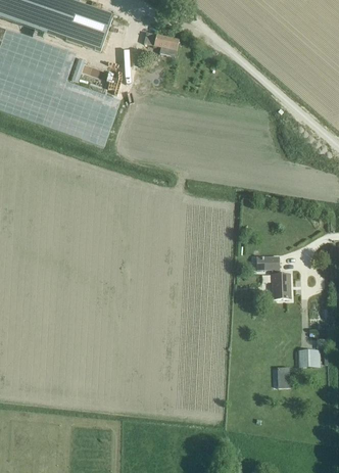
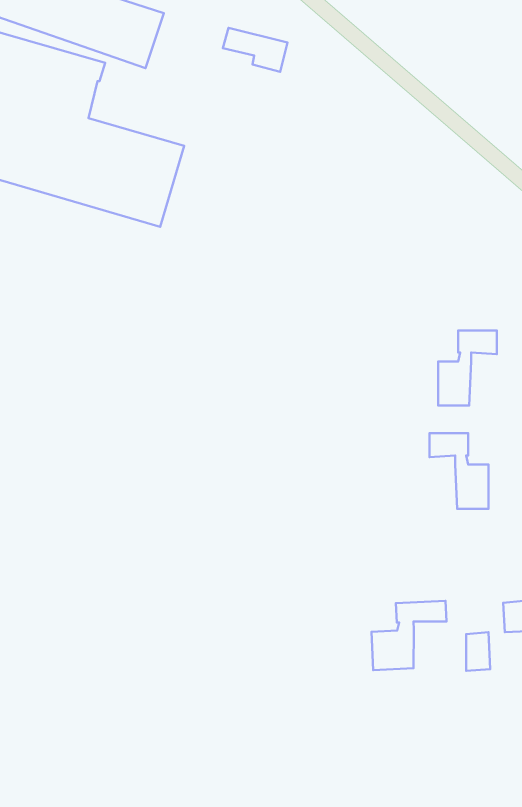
building: none -> [438,330,497,405]
building: none -> [371,601,446,670]

